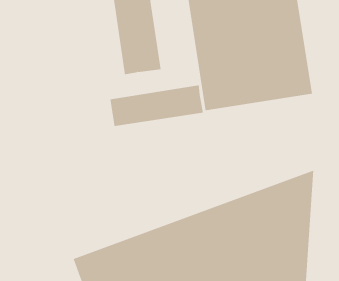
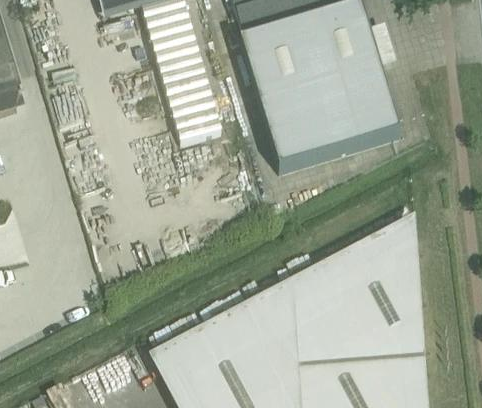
building: [110,85,204,127] -> none

